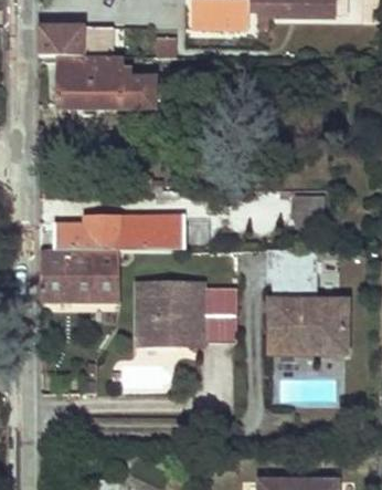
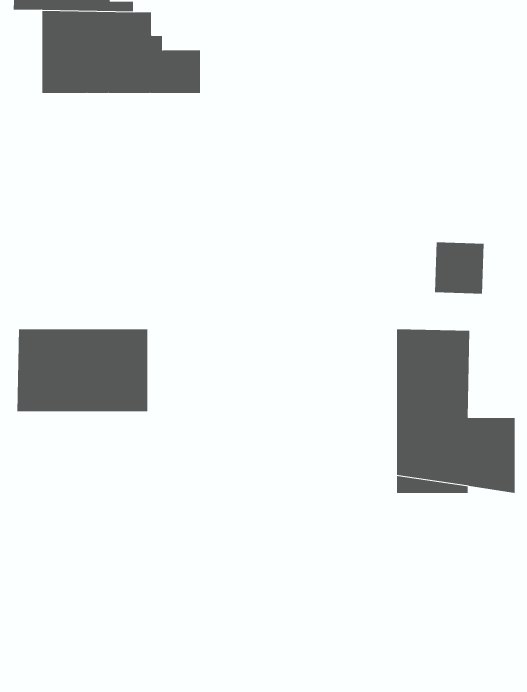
building: [53,217,184,249] -> none
building: [135,282,236,341] -> none

